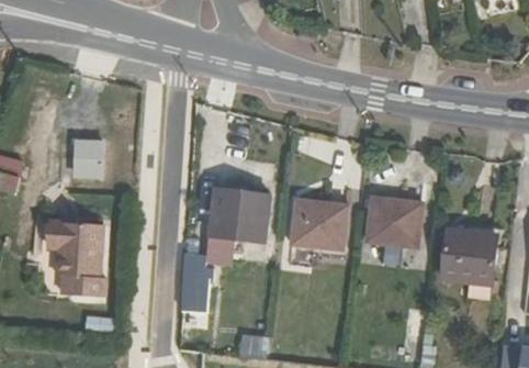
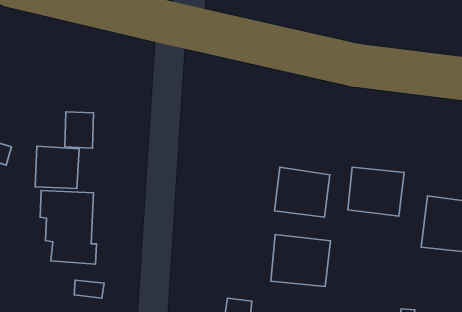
building: none -> [35,146,79,189]
building: [209,188,270,242] -> [271,234,331,287]
building: [180,253,214,311] -> none

